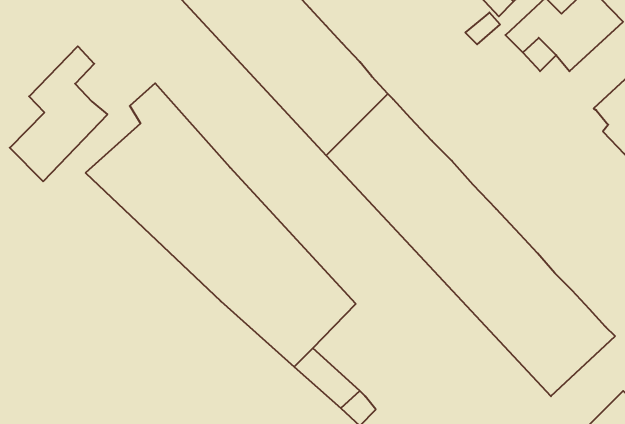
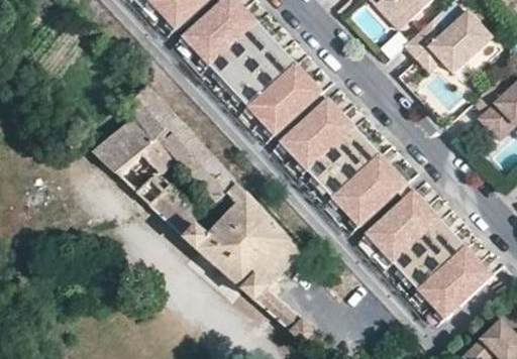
building: [10,46,107,181] -> none

